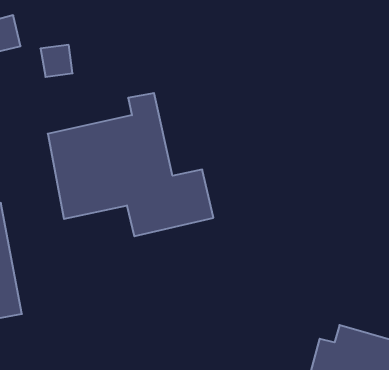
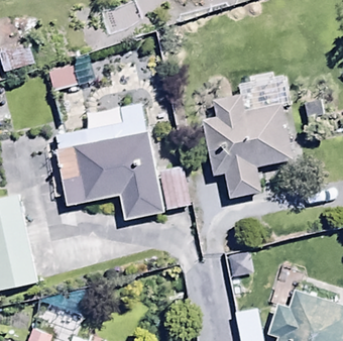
building: none -> [203,89,294,197]

